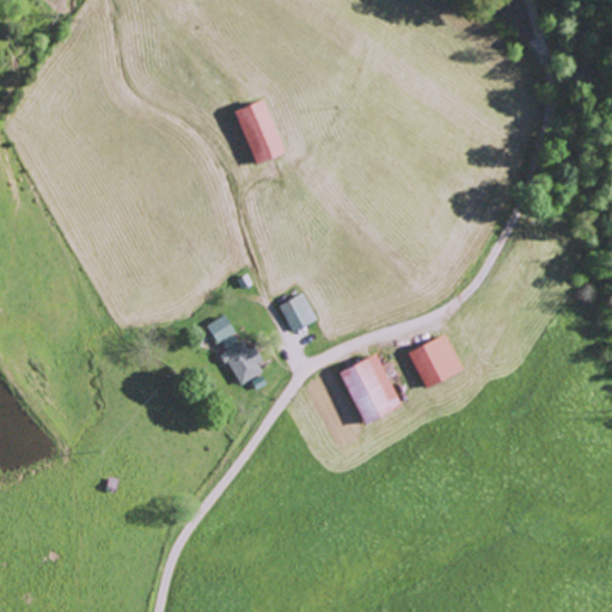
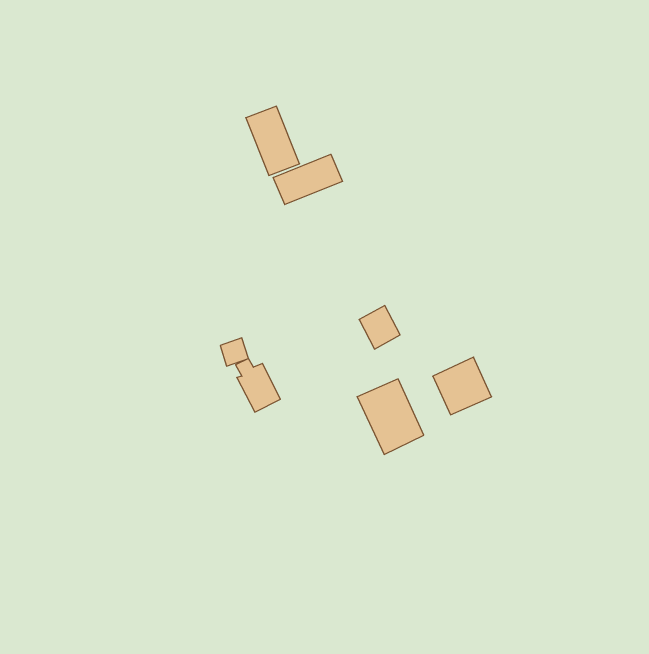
building: none -> [273,154,343,205]
building: [281,292,319,332] -> [359,306,400,349]

